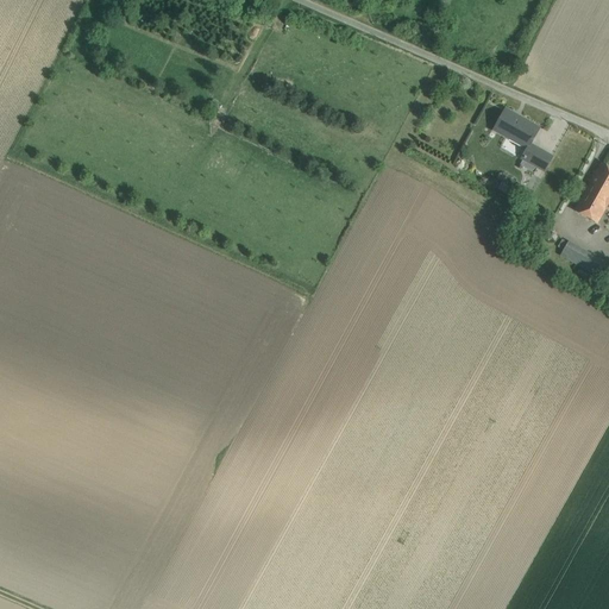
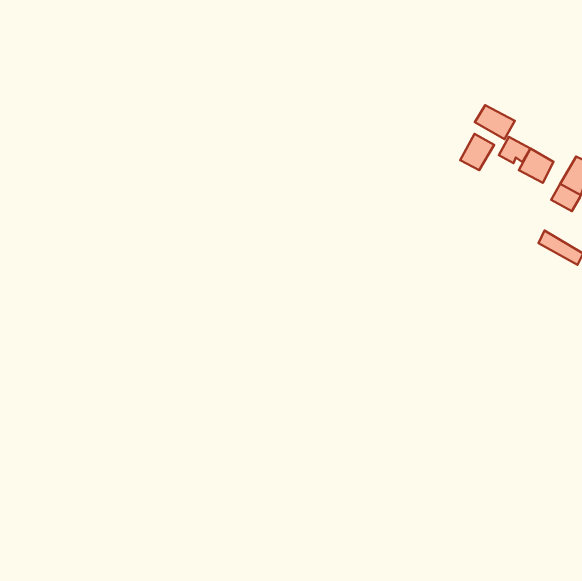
building: none -> [460,134,494,170]
building: none -> [519,148,554,183]

